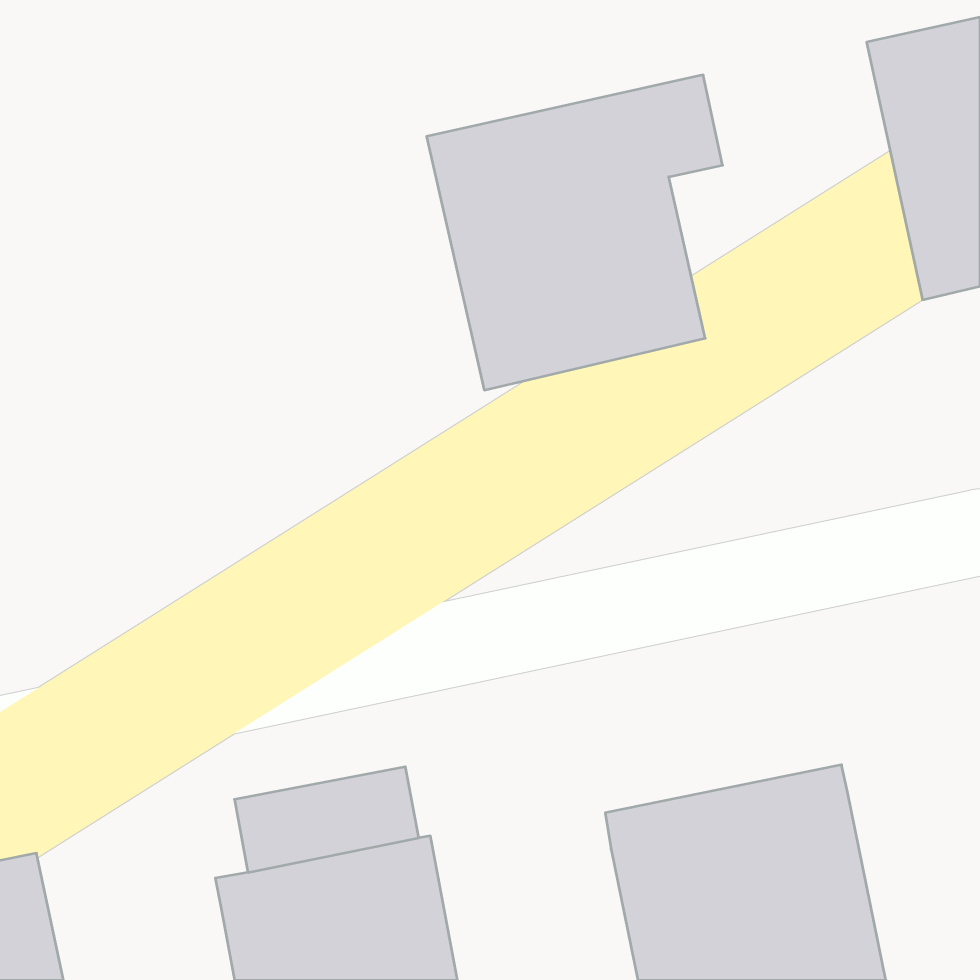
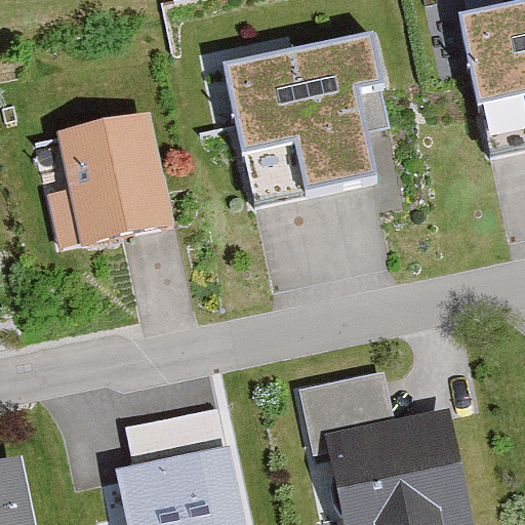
building: none -> [51,111,172,248]
building: none -> [296,372,394,456]

